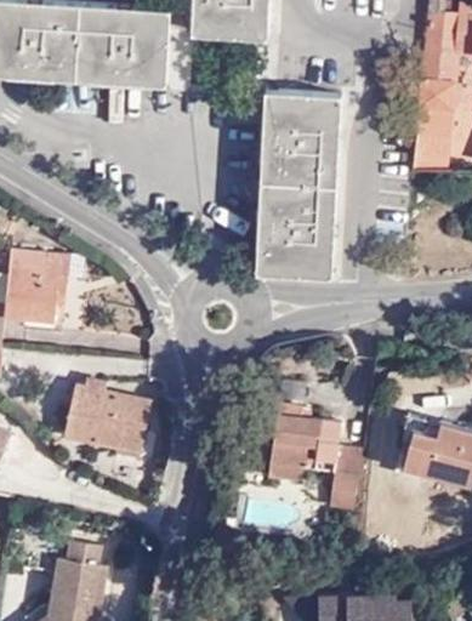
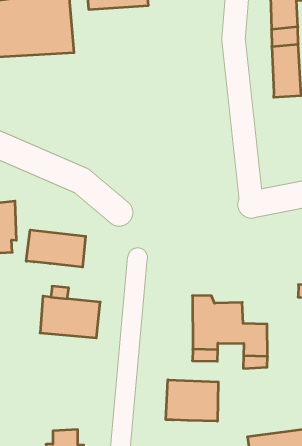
building: [263,93,337,278] -> none
building: none -> [26,230,86,267]
building: none -> [166,380,218,421]

